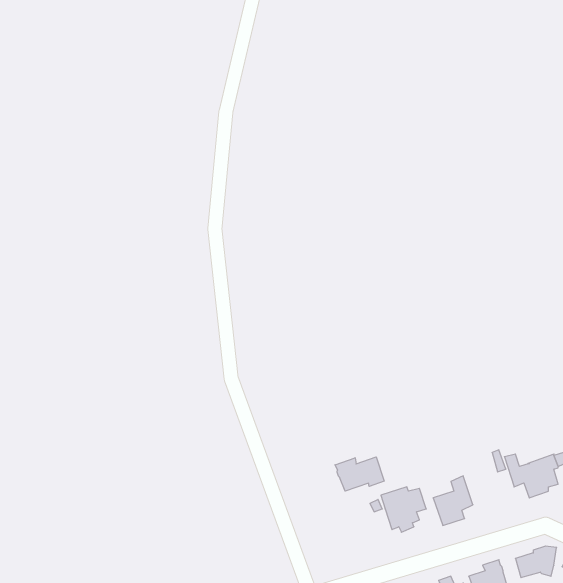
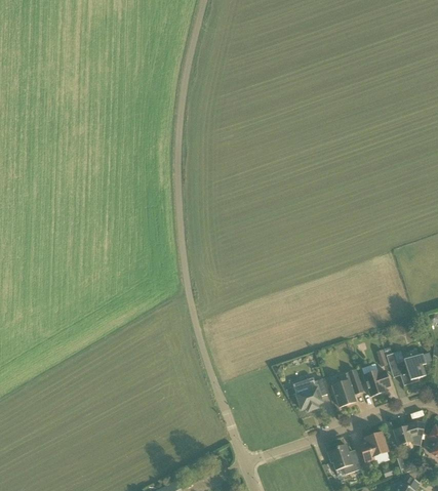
building: [335,457,384,491] -> none
building: none -> [363,370,390,396]

